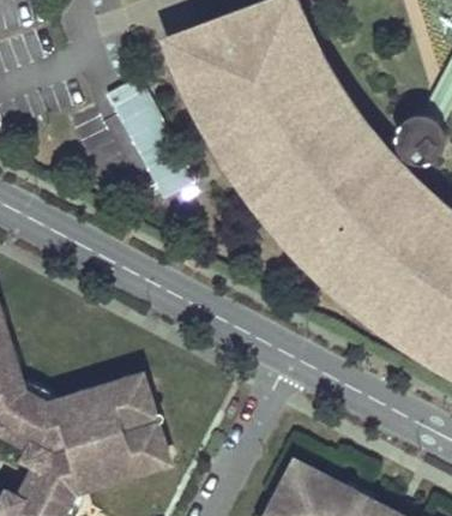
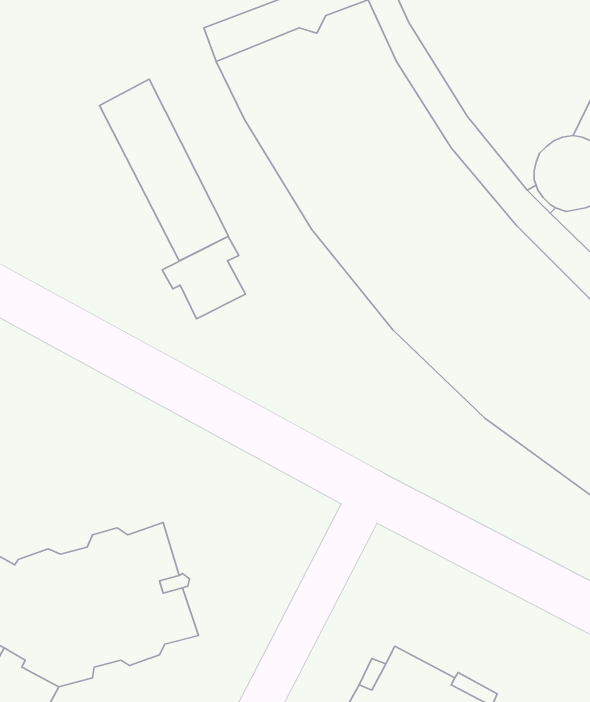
building: none -> [162,236,245,319]

